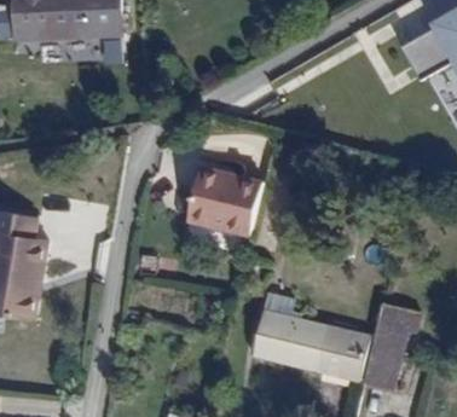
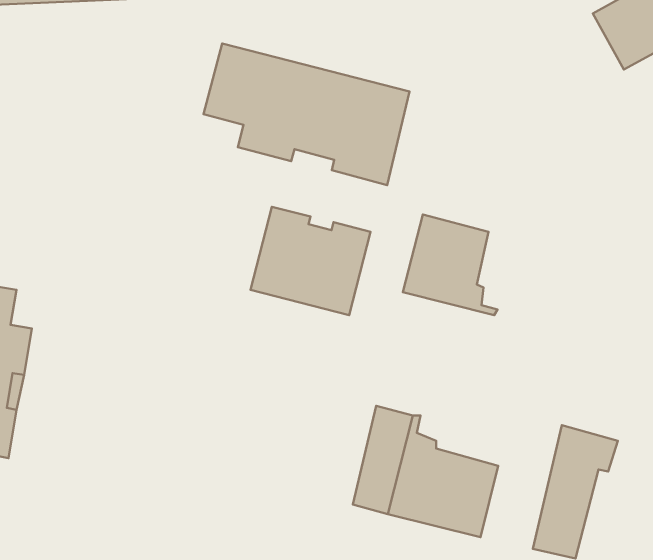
building: none -> [204,44,409,185]
building: none -> [403,214,497,315]
building: [331,329,369,380] -> none

